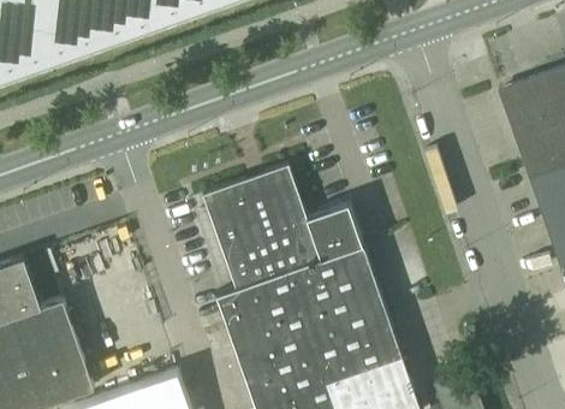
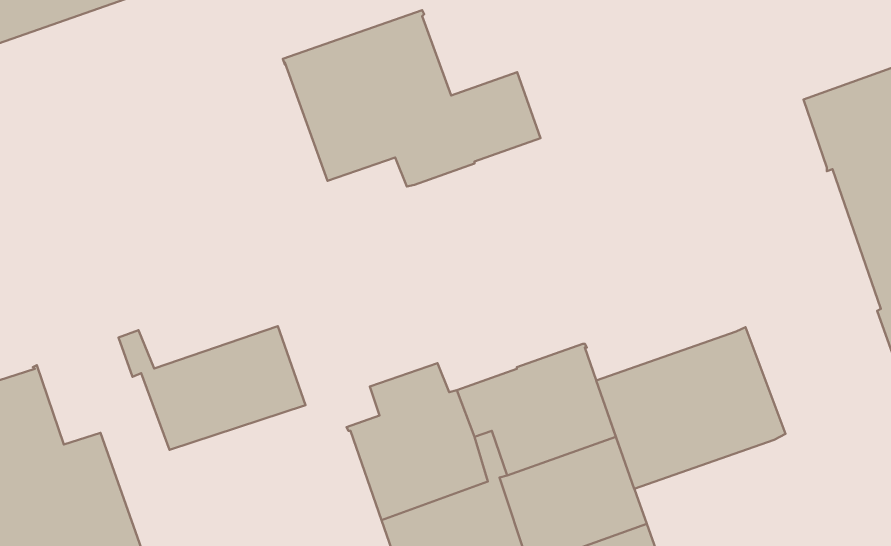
building: [203,168,363,278] -> [283,10,540,187]
building: none -> [119,326,306,450]
building: none -> [596,327,785,489]

